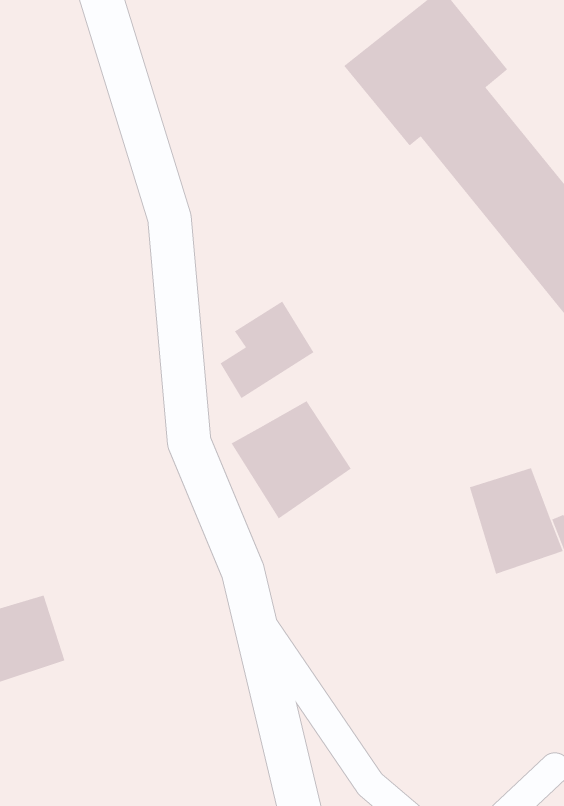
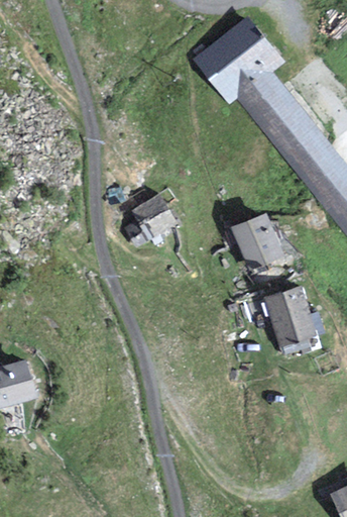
building: none -> [231,212,284,271]
building: [230,400,352,519] -> none

